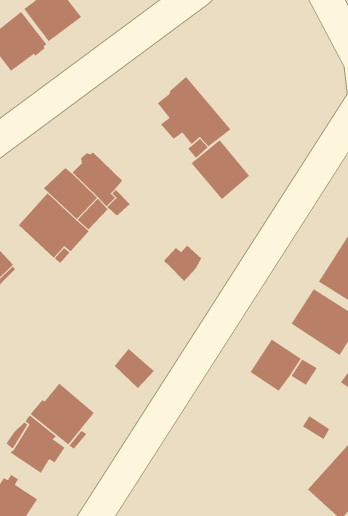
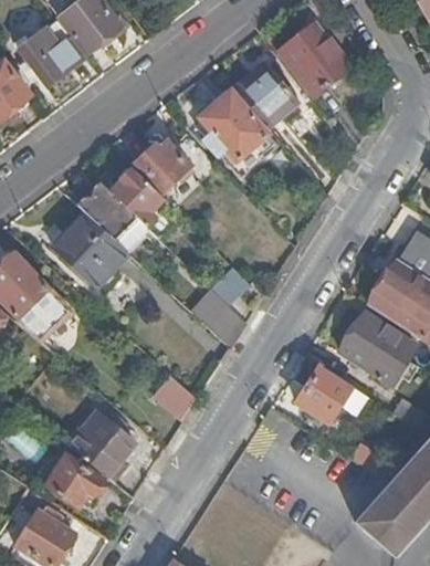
building: none -> [280,21,350,94]
building: none -> [137,142,193,190]
building: [190,139,250,200] -> [234,62,297,126]
building: none -> [189,289,237,336]

